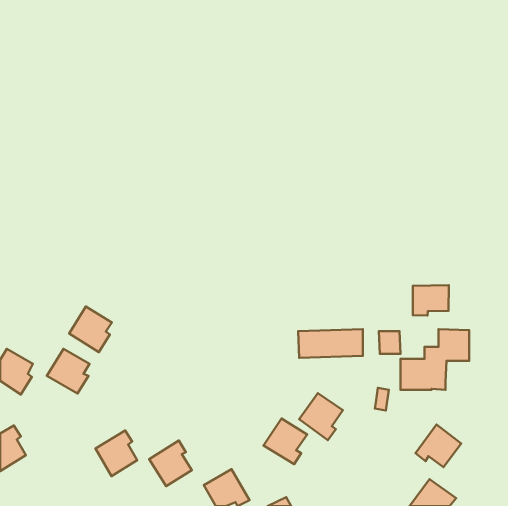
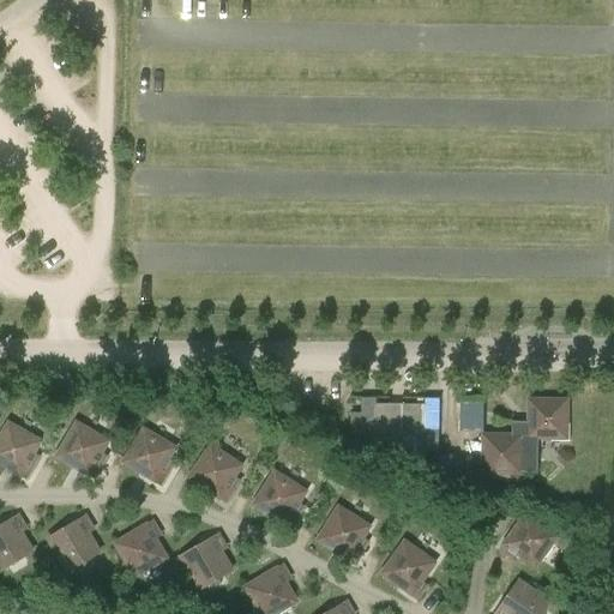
building: [413,285,449,315] -> none
building: [69,307,112,352] -> [124,427,175,482]
building: none -> [189,443,241,499]
building: none -> [254,470,306,525]
building: [299,393,343,440] -> [381,540,434,596]
building: none -> [48,514,98,568]

